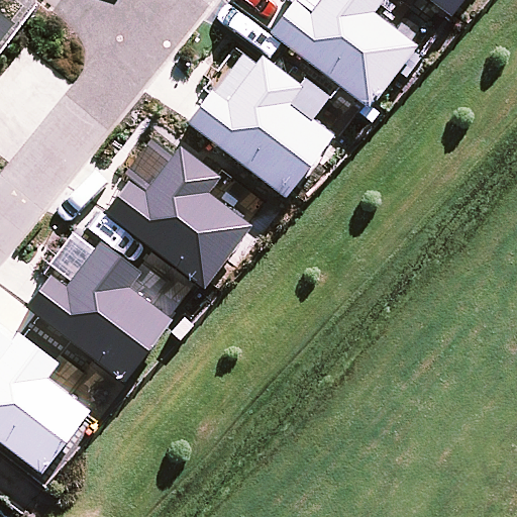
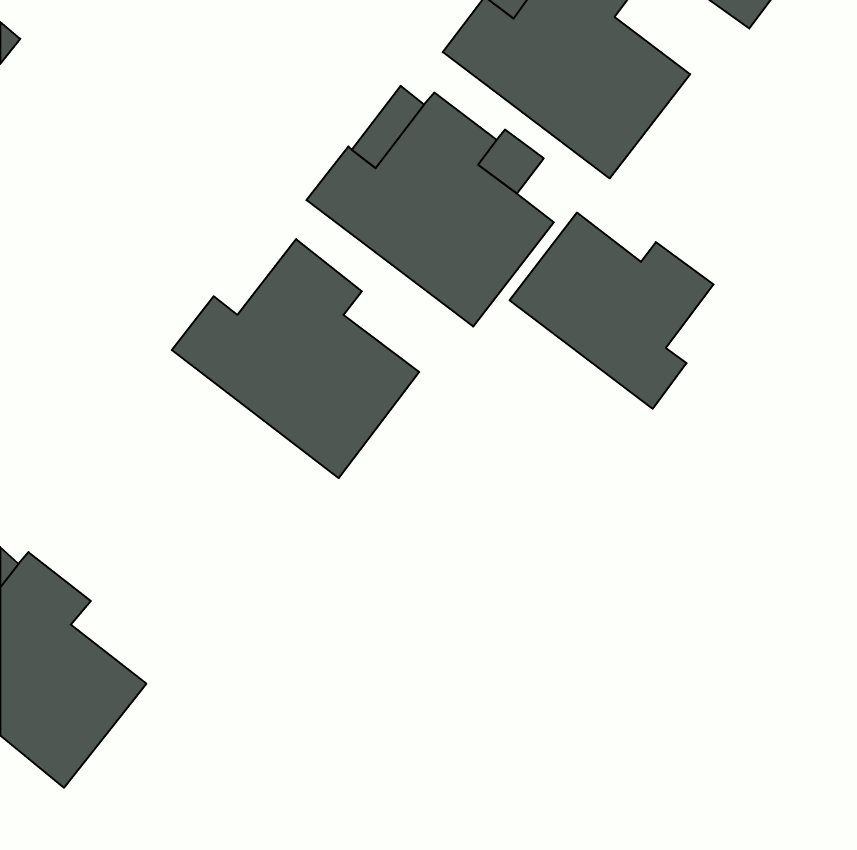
building: none -> [510,213,714,409]
building: [25,240,174,381] -> none

